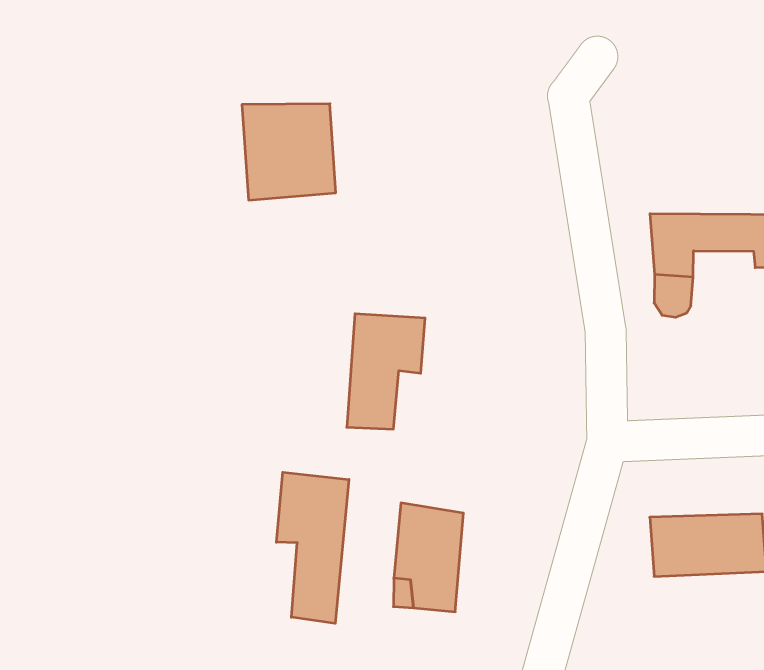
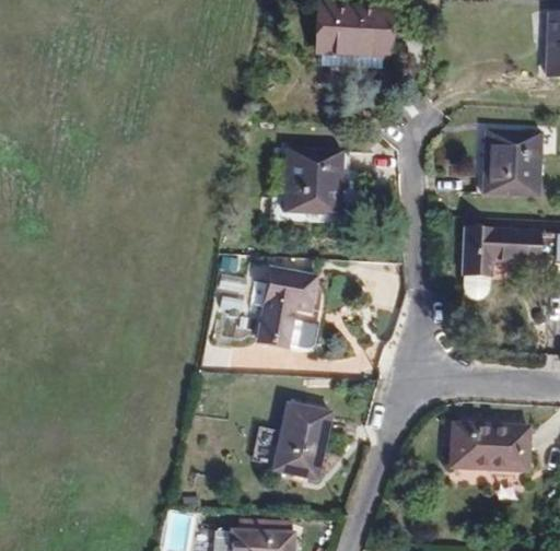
building: none -> [491,125,544,192]
building: [242,104,336,200] -> [285,140,346,204]
building: [276,472,349,623] -> none

